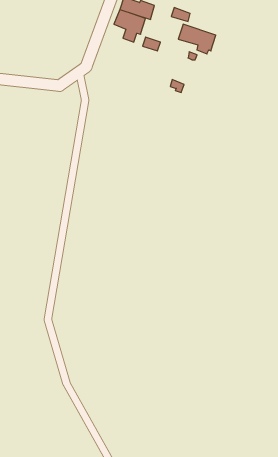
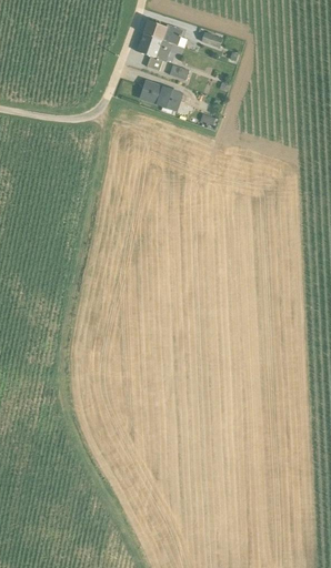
building: [178,24,216,54] -> [141,81,183,114]

